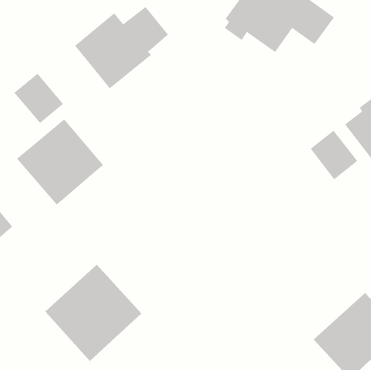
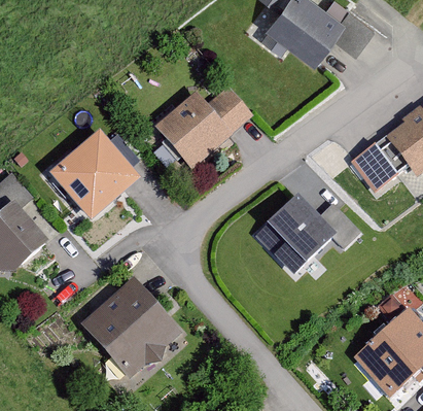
building: [74,6,169,89] -> [154,87,251,171]
building: [14,73,64,124] -> none
building: none -> [251,194,361,275]

